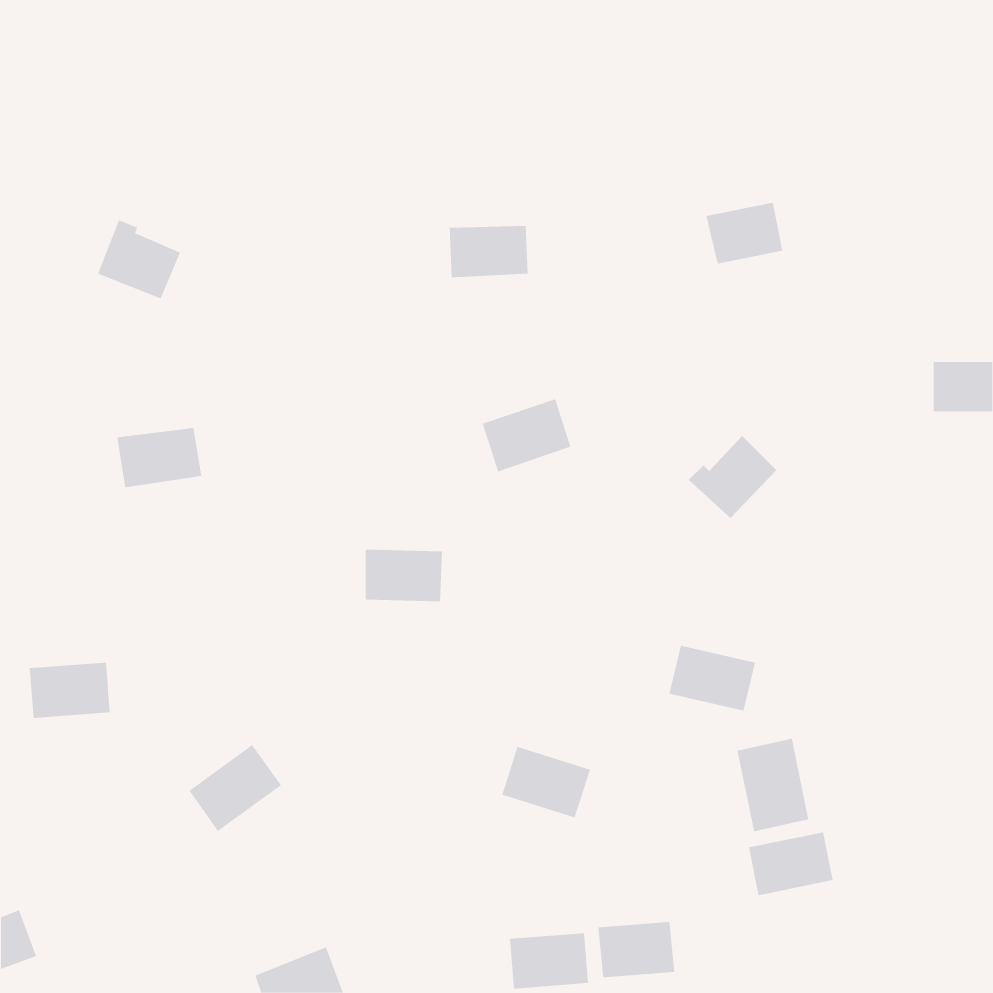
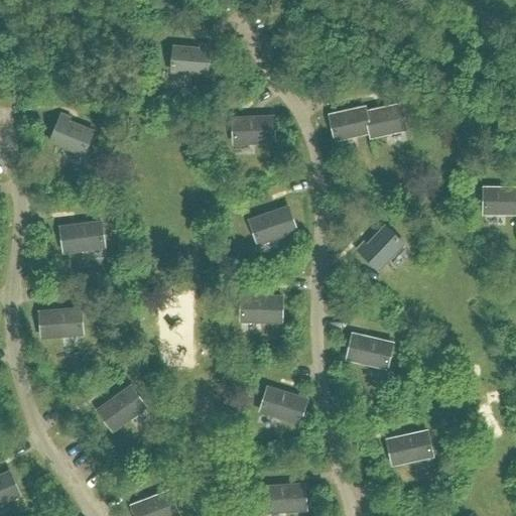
building: none -> [171,44,210,75]
building: none -> [331,107,371,140]
building: [365,549,443,602] -> [242,295,282,322]
building: [29,662,111,718] -> [40,308,83,338]
building: [737,738,809,832] -> none
building: [598,921,675,978] -> none

